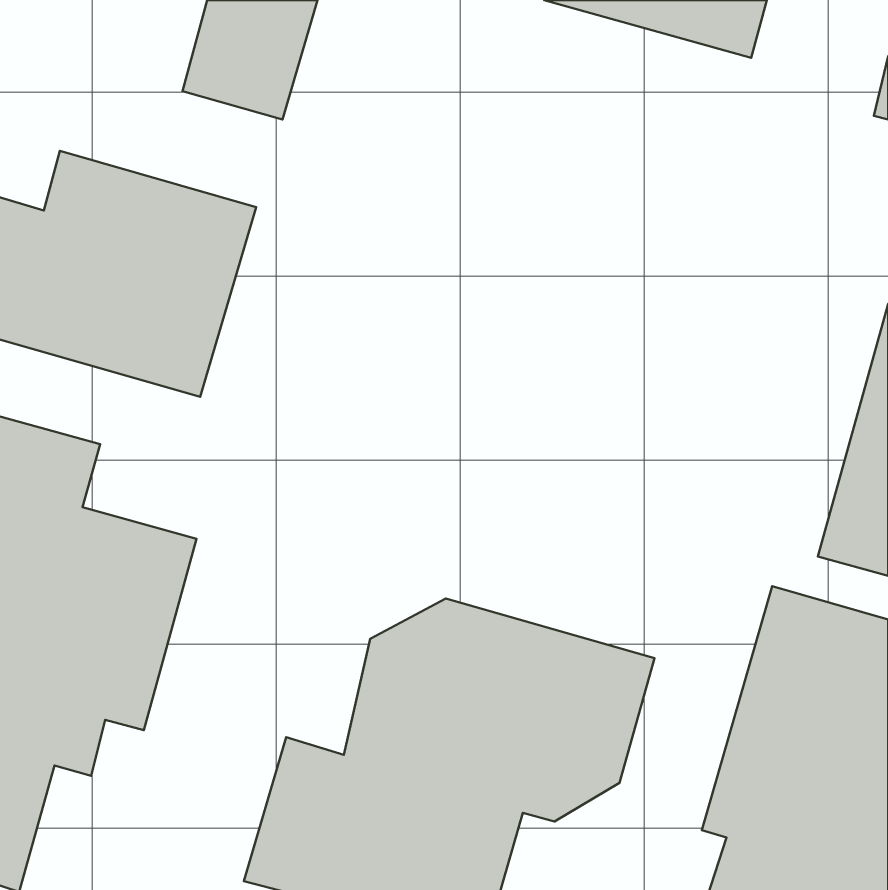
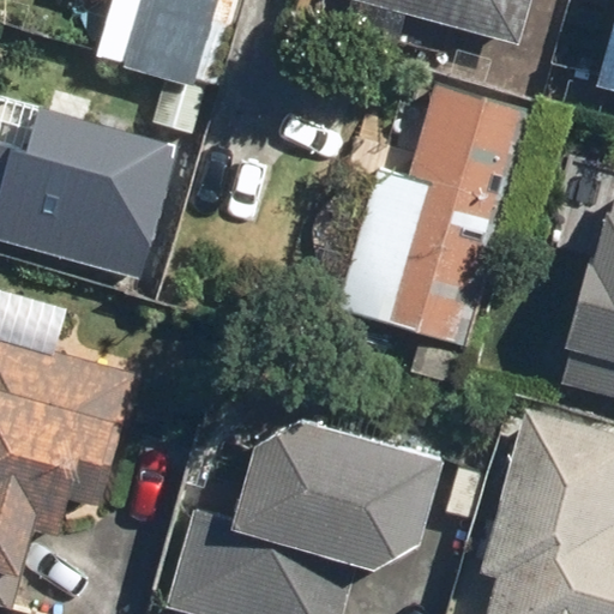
building: none -> [337,80,532,343]

